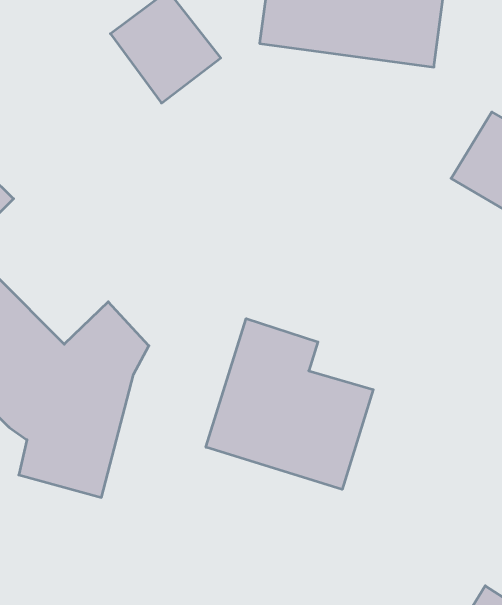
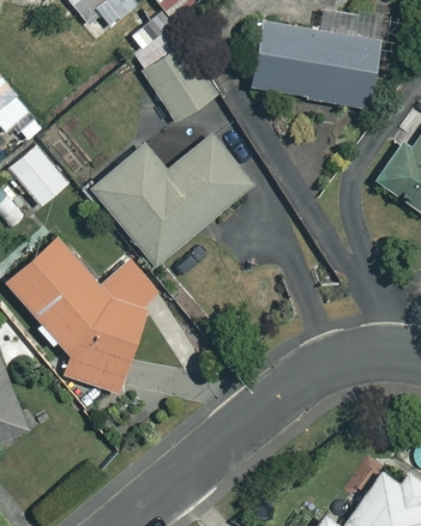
building: none -> [89,137,251,264]
building: [206,319,373,489] -> none

